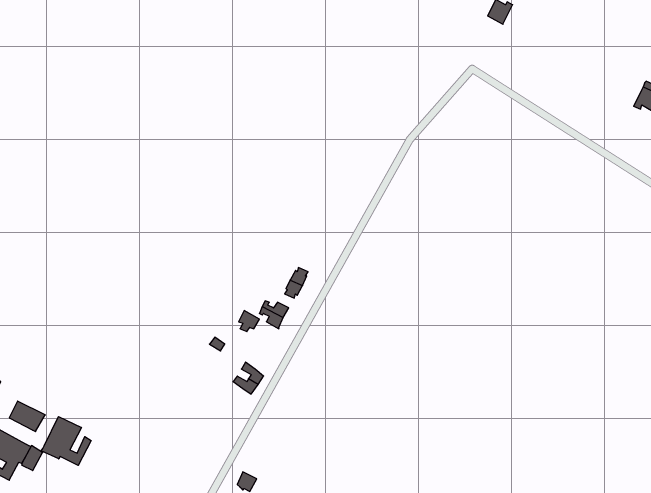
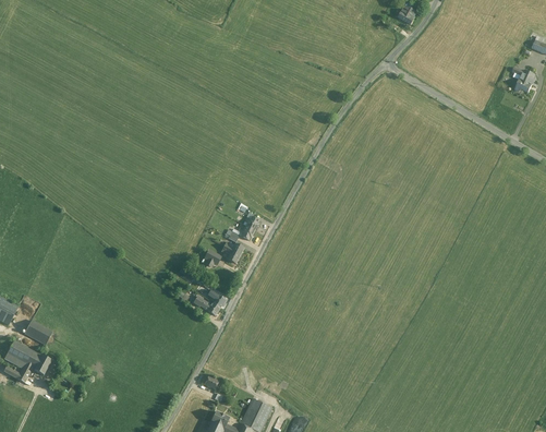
building: [41,417,91,465] -> none

